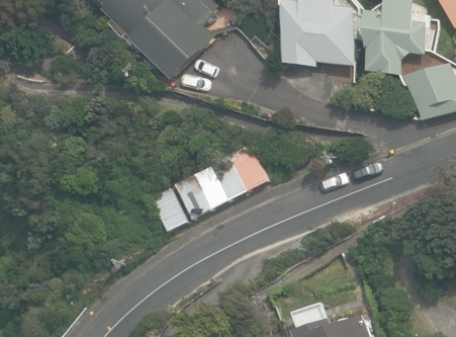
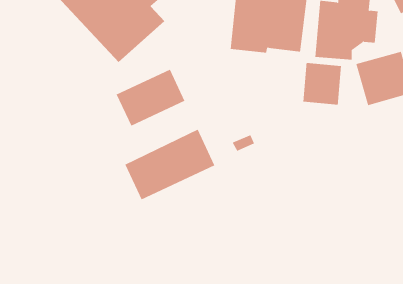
building: none -> [303,62,342,105]
building: none -> [116,69,185,127]

